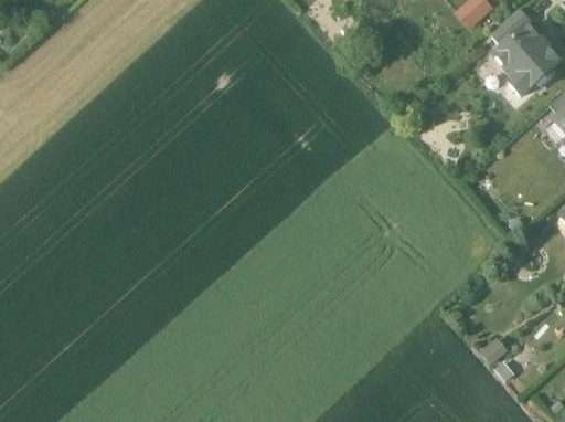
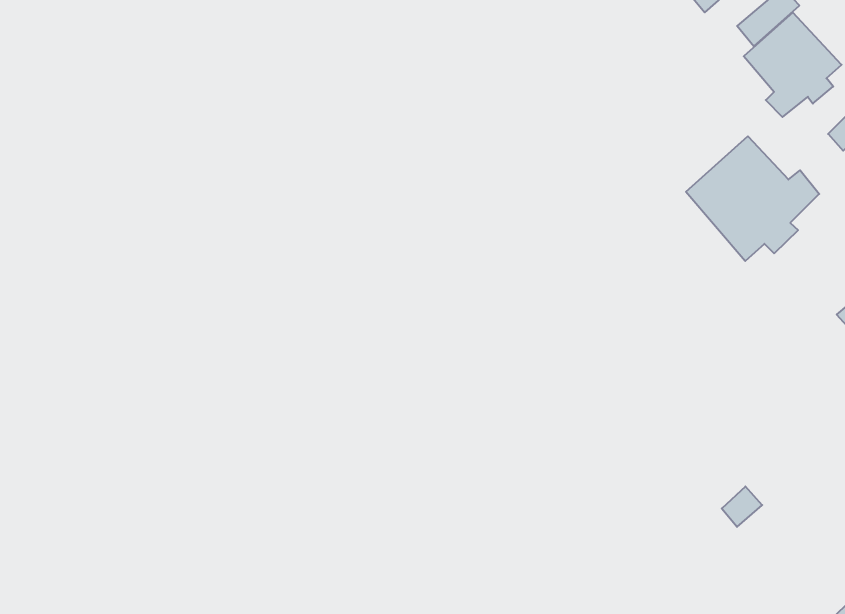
building: none -> [686,136,819,261]

